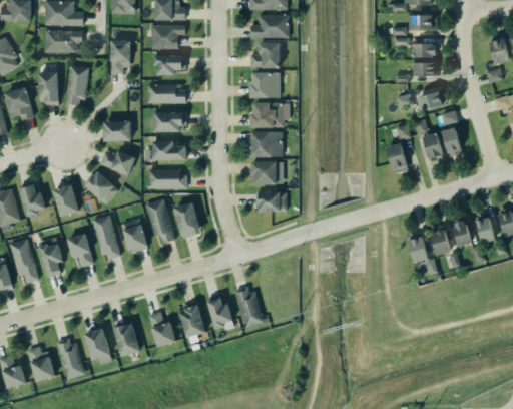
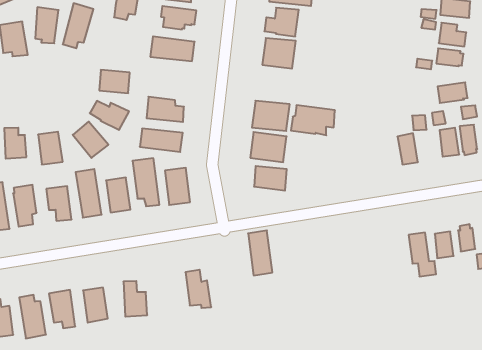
building: [250,103,290,127] -> [291,105,335,135]
building: [153,112,186,132] -> none
building: [236,285,264,328] -> [248,230,272,275]
building: [180,306,206,338] -> none

